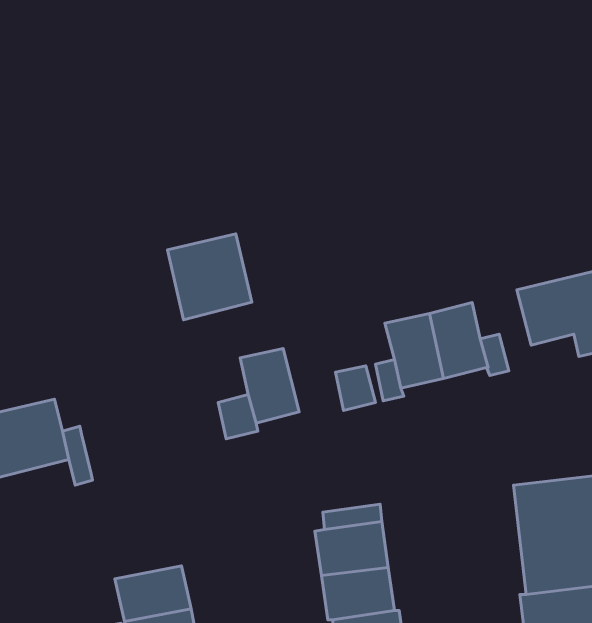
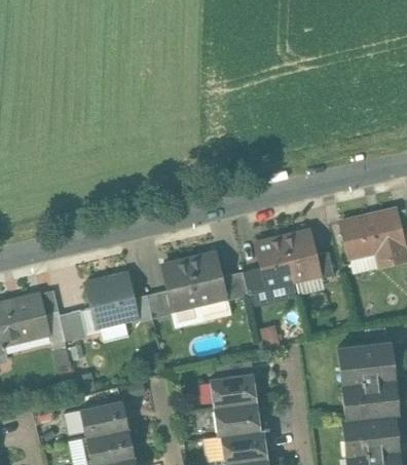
building: [168,234,252,320] -> [84,274,139,330]
building: none -> [188,255,226,303]
building: none -> [58,312,86,343]

